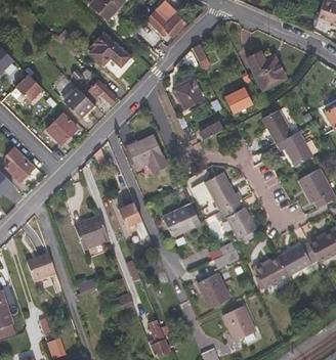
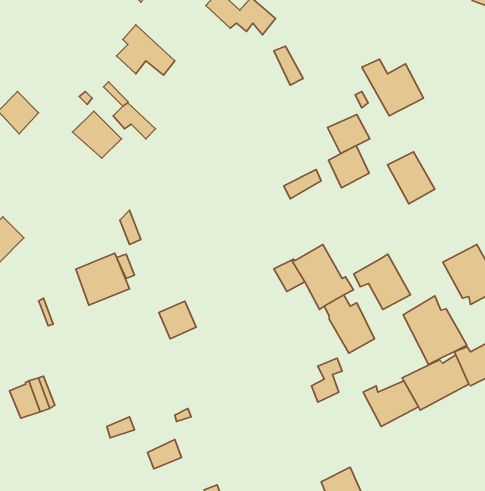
building: [177,83,203,109] -> [329,146,369,188]
building: [47,110,78,142] -> none
building: [277,132,312,167] -> [354,254,411,309]
building: [128,135,166,171] -> none
building: none -> [403,296,467,365]
building: [163,204,201,236] -> none
building: [75,217,109,250] -> [76,253,129,305]
building: [198,273,230,308] -> none

